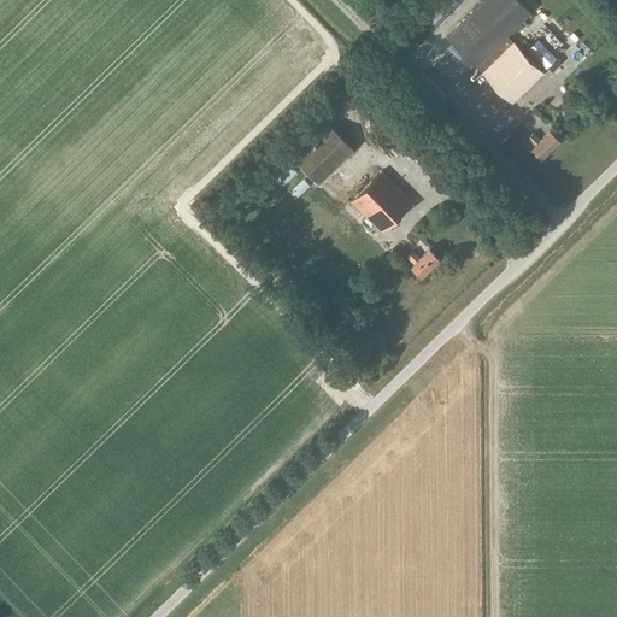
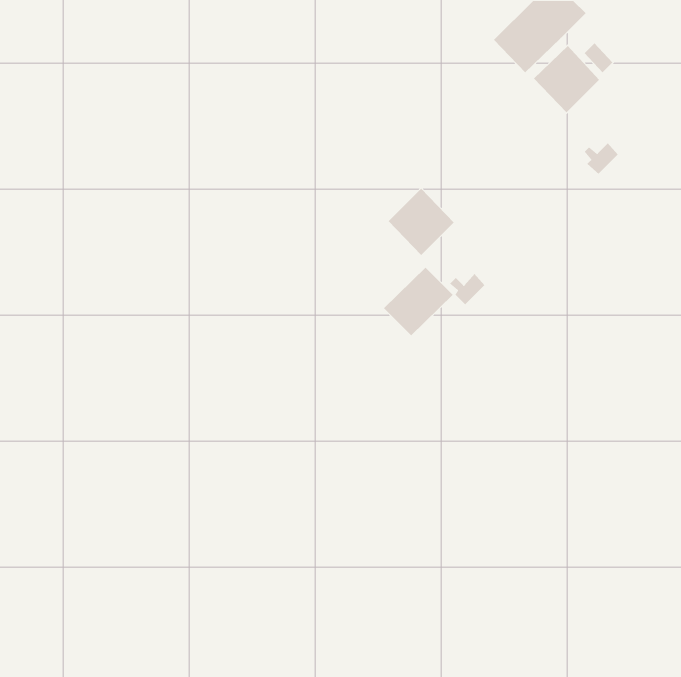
building: [288,122,353,186] -> none
building: none -> [383,267,453,336]

